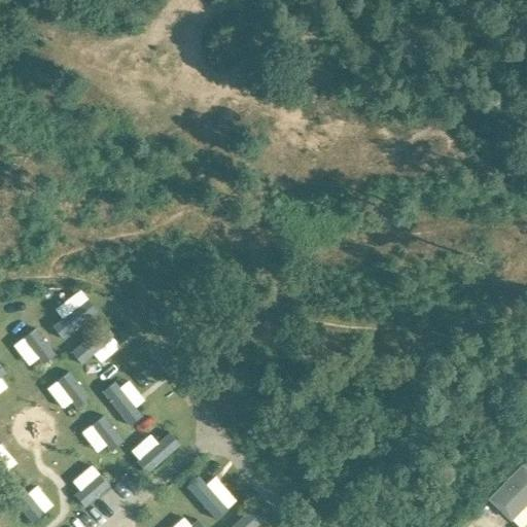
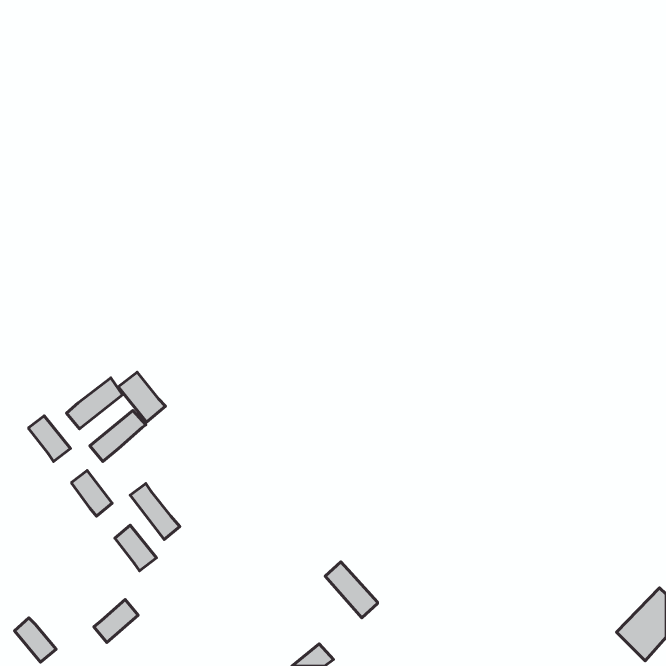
building: none -> [118,372,166,422]
building: [136,432,180,473] -> none
building: [186,476,227,520] -> [325,562,377,618]

